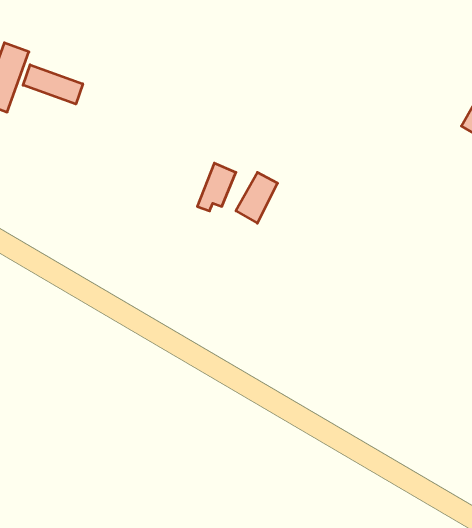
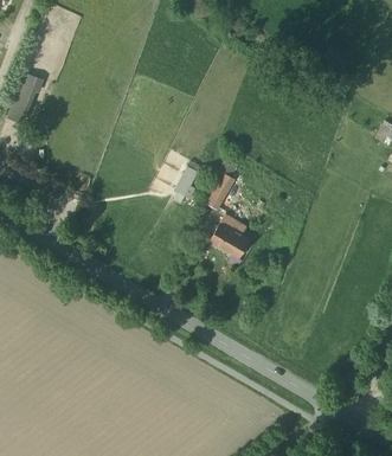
building: [23,65,83,104] -> none
building: none -> [208,221,251,259]

